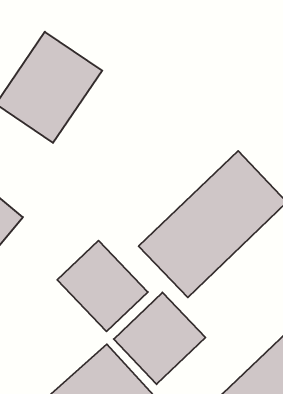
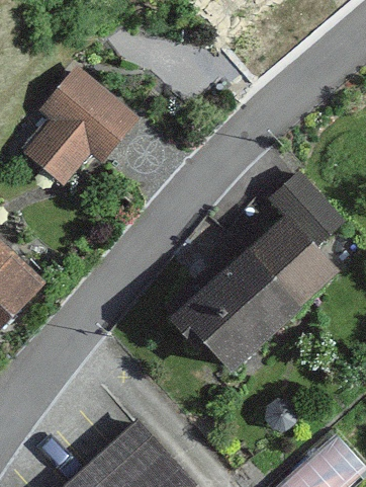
building: [57,241,148,331] -> none
building: [114,292,205,384] -> none

